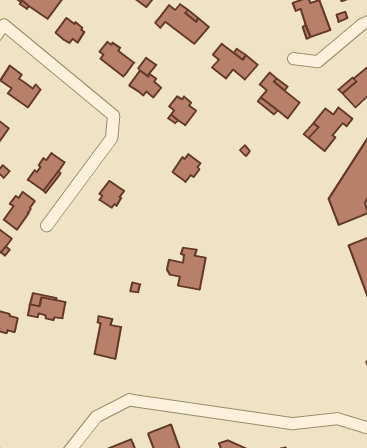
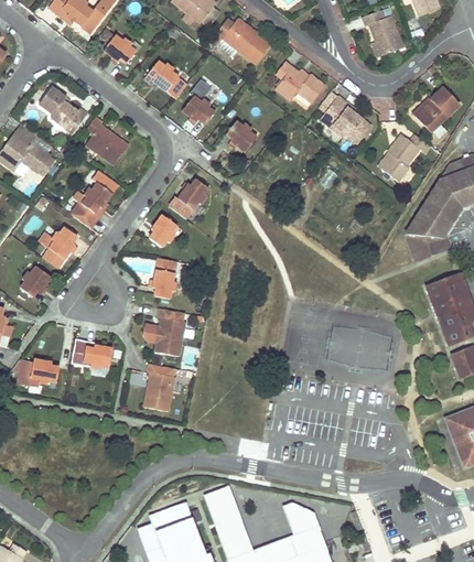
building: none -> [86,116,130,164]
building: [173,154,200,182] -> [176,179,207,209]
building: none -> [154,259,179,299]
building: [167,248,206,290] -> [142,309,185,355]

